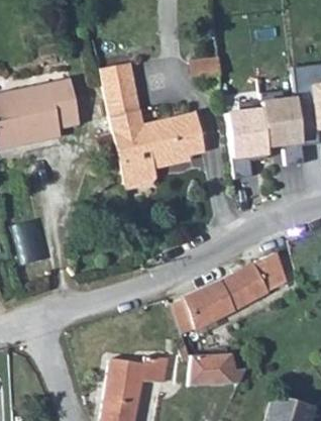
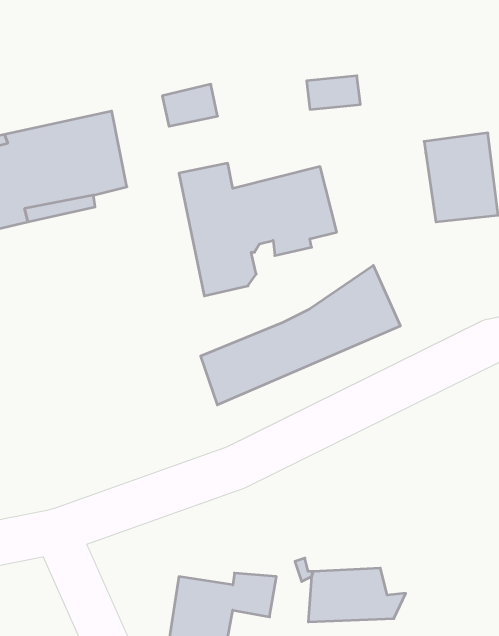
building: [105,82,140,116] -> none
building: [226,104,266,156] -> none
building: [171,248,291,332] -> [201,265,400,405]

